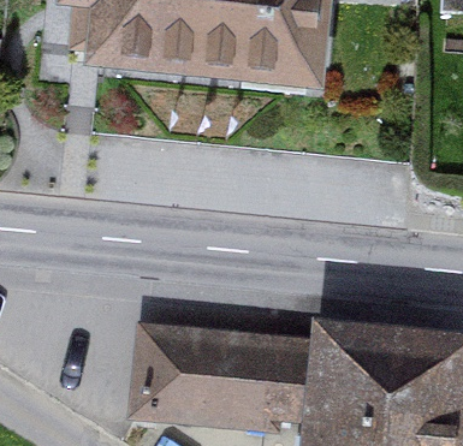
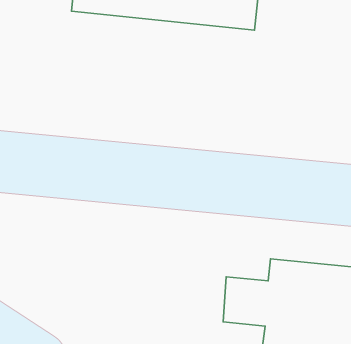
building: [140,334,279,424] -> none

